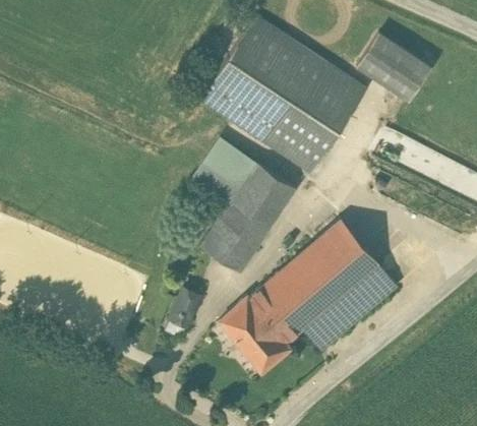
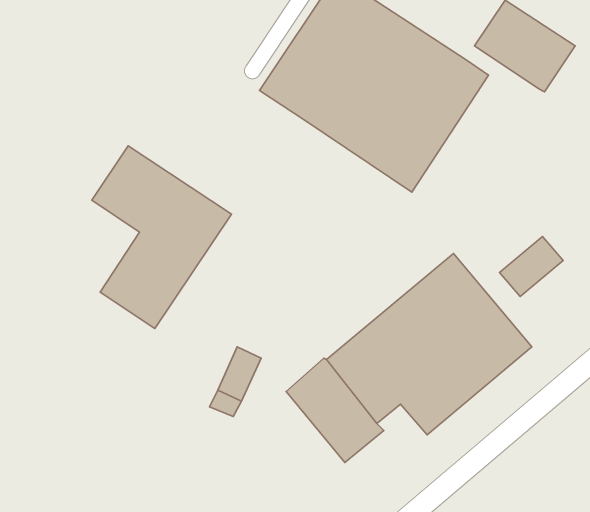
building: [194,139,296,272] -> [92,146,231,328]
building: none -> [500,237,563,296]

